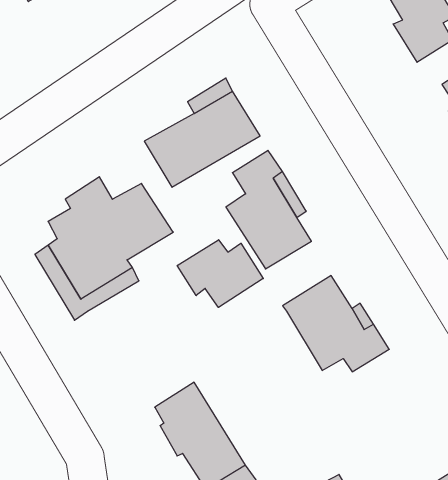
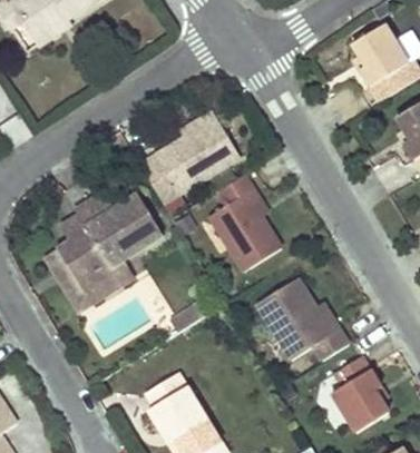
building: [177,240,263,307] -> none
building: none -> [331,353,391,433]

